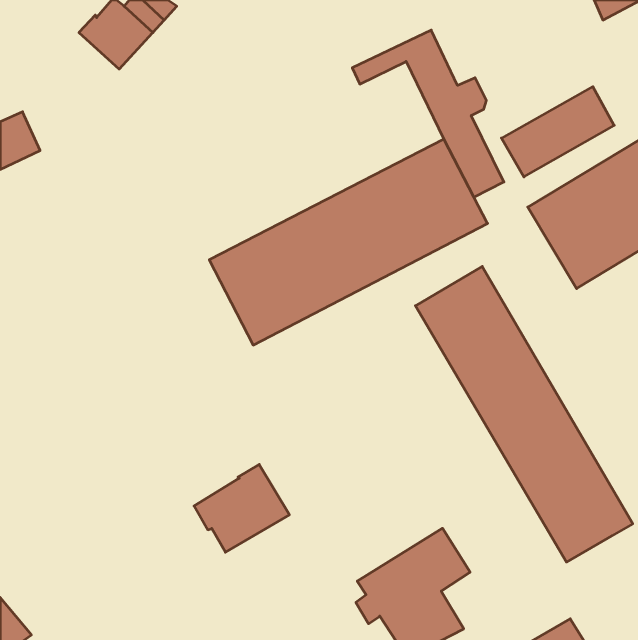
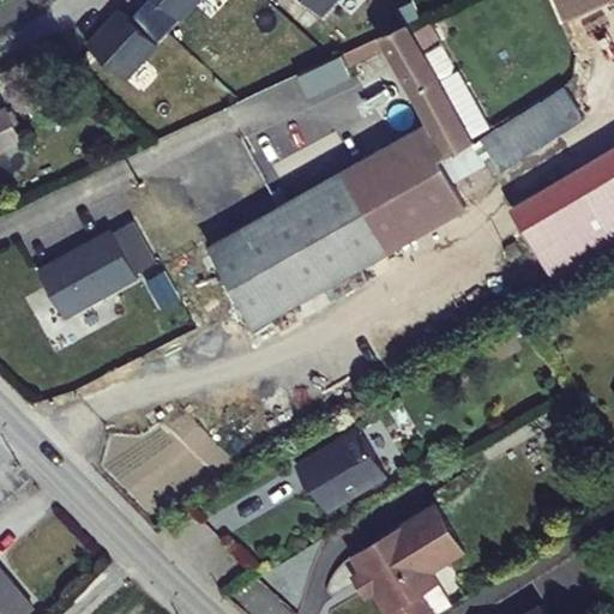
building: none -> [41,221,163,318]
building: [415,266,633,562] -> none
building: [194,464,289,552] -> [287,420,378,504]

